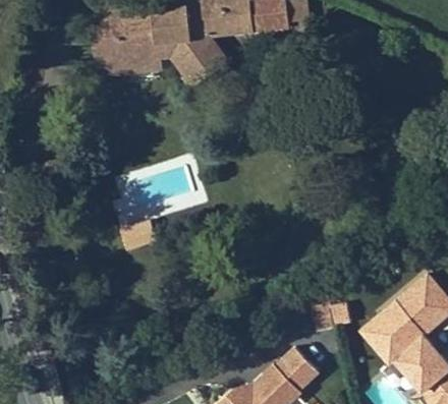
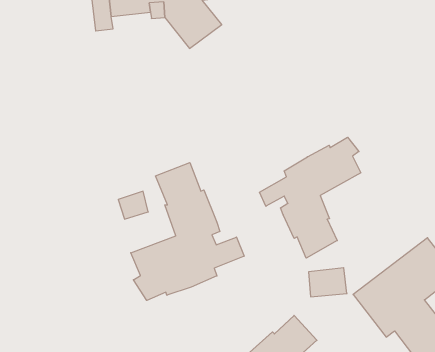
building: none -> [260,137,361,258]
building: none -> [131,163,244,300]

